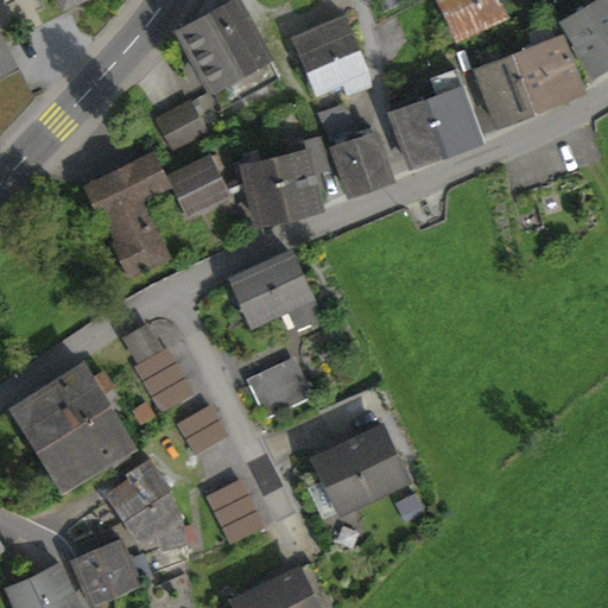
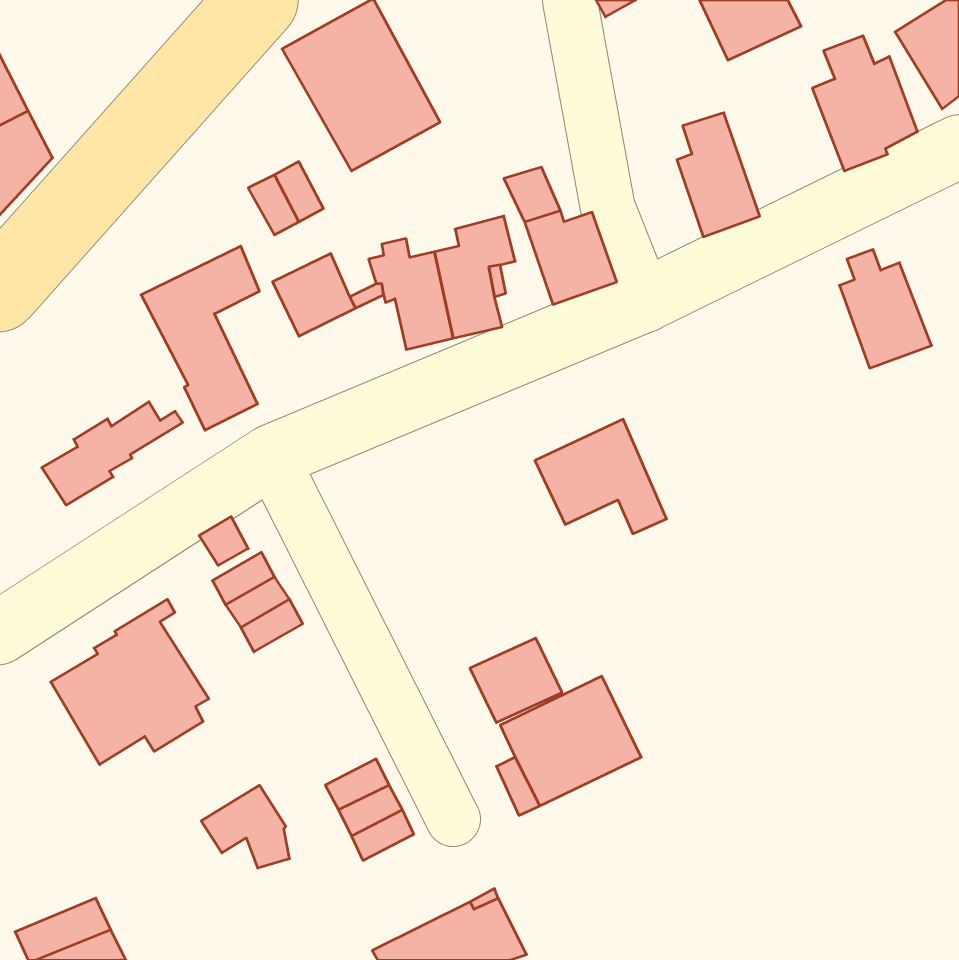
building: [296,15,369,94] -> none
building: [475,48,533,122] -> [839,250,932,368]
building: [388,86,444,162] -> none
building: [235,253,318,325] -> [535,419,667,534]
building: [17,366,106,431] -> [42,402,183,505]
building: [248,366,306,419] -> [470,638,562,723]
building: [177,406,226,455] -> none
building: [109,463,170,520] -> none
building: [75,540,147,602] -> none

